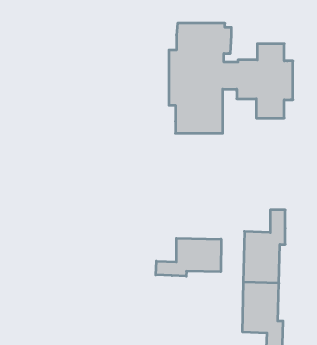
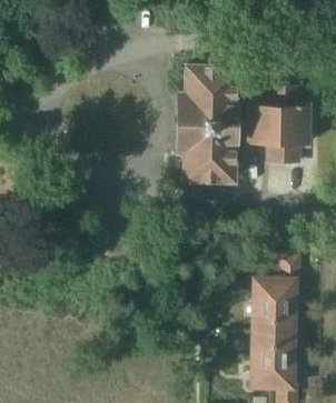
building: [156,238,221,276] -> none

